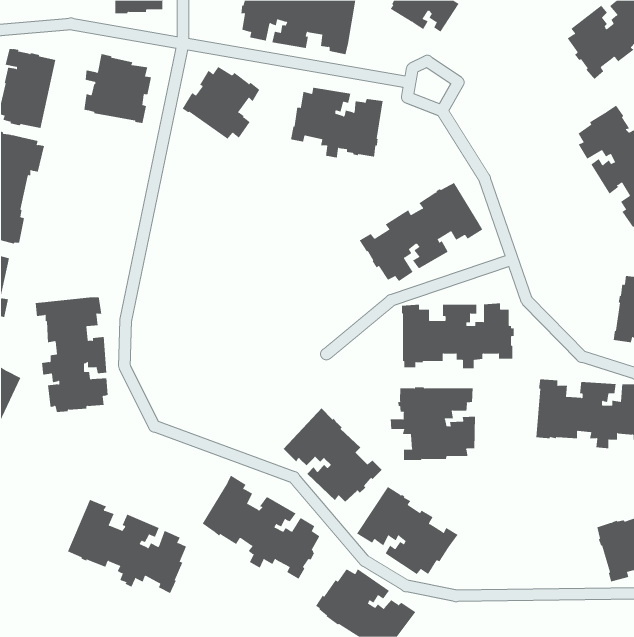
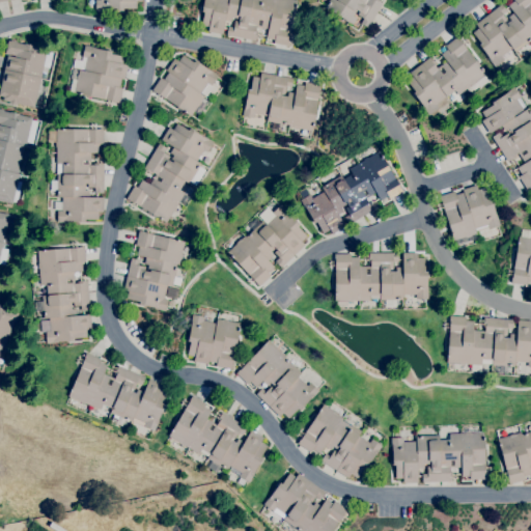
building: none -> [409,36,487,116]
building: none -> [128,123,215,223]
building: none -> [50,129,106,222]
building: none -> [441,185,502,241]
building: none -> [229,204,308,286]
building: none -> [124,230,186,311]
building: none -> [189,314,242,369]
building: [390,387,475,461] -> none
building: [67,499,187,594] -> [69,353,169,431]
building: none -> [392,431,486,483]

